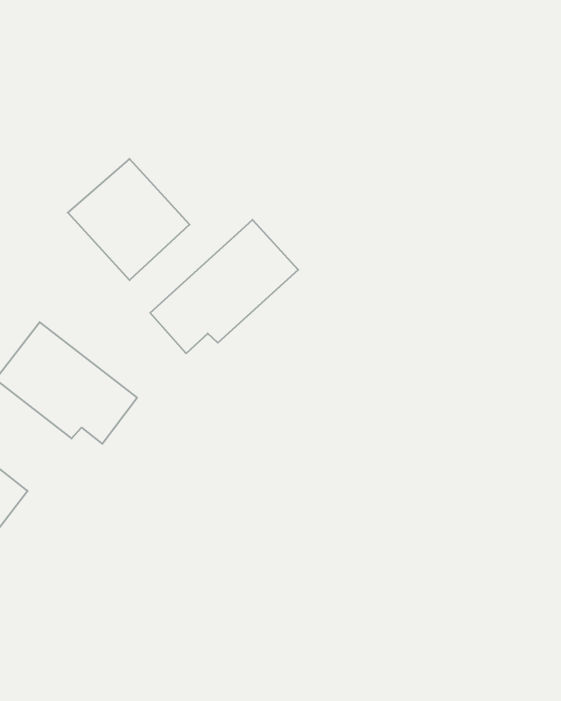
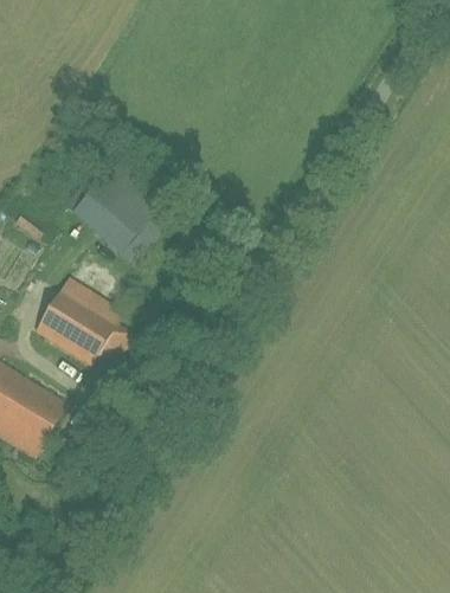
building: [150,220,298,353] -> none

